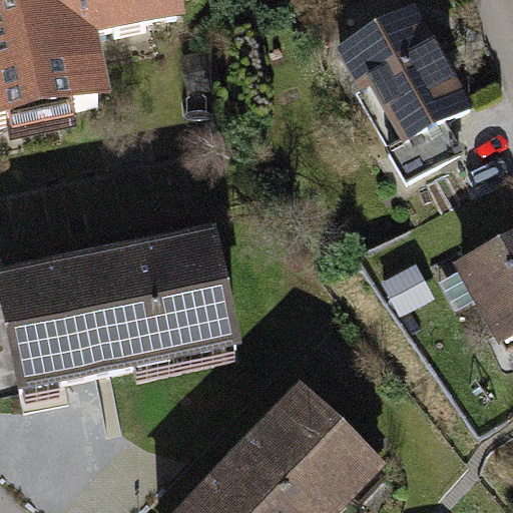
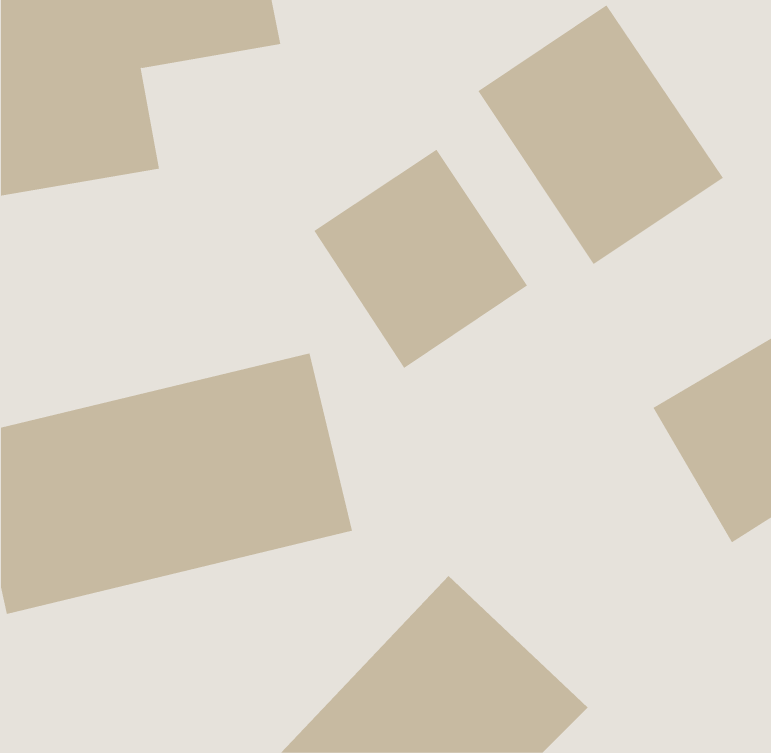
building: none -> [313,149,528,369]

